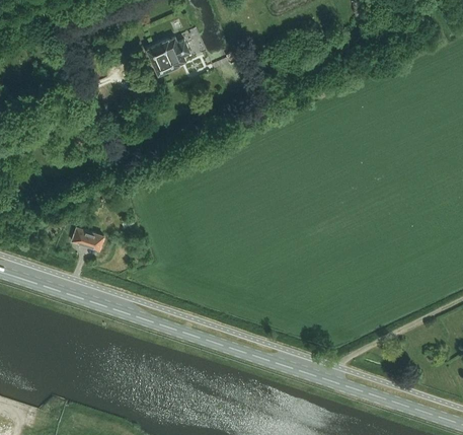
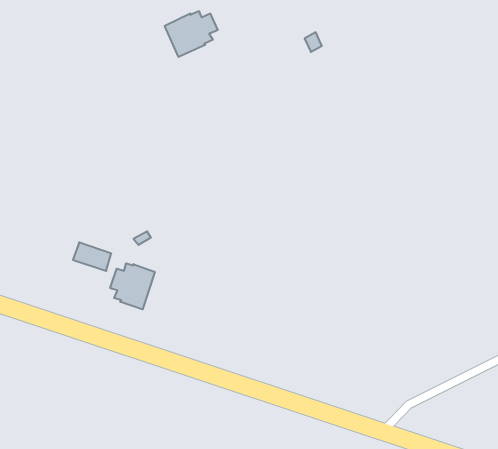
building: none -> [110,263,155,309]

